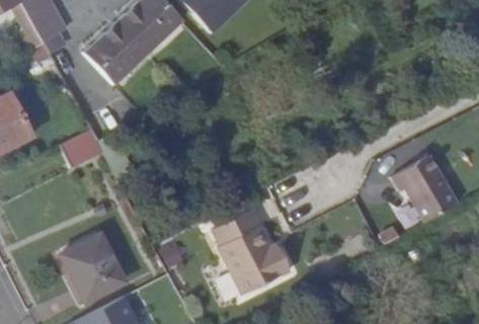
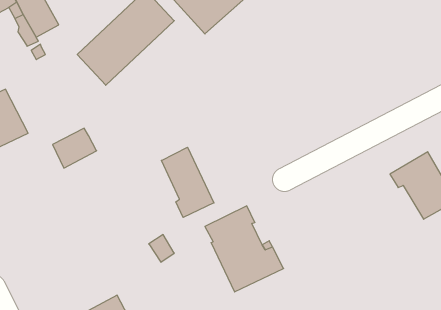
building: none -> [161,147,214,217]
building: [61,236,123,302] -> none

